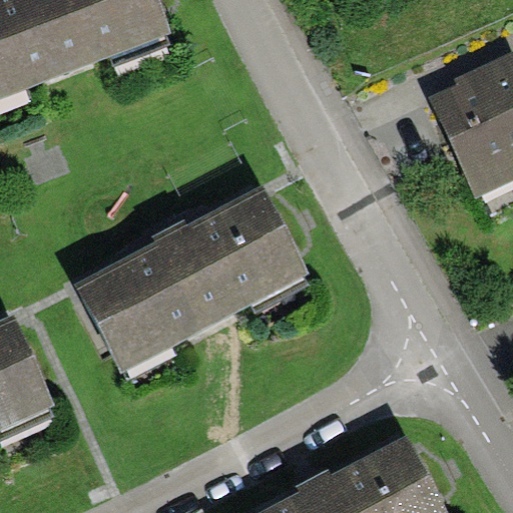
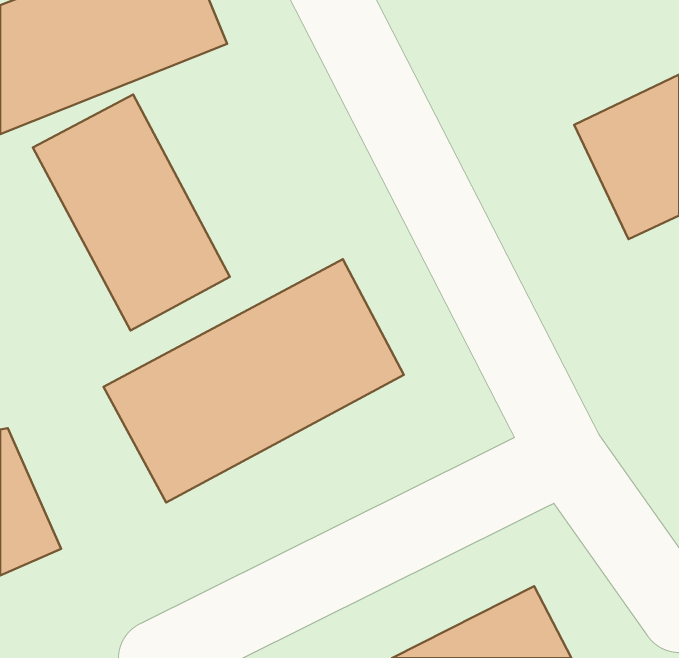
building: none -> [33,95,230,330]

